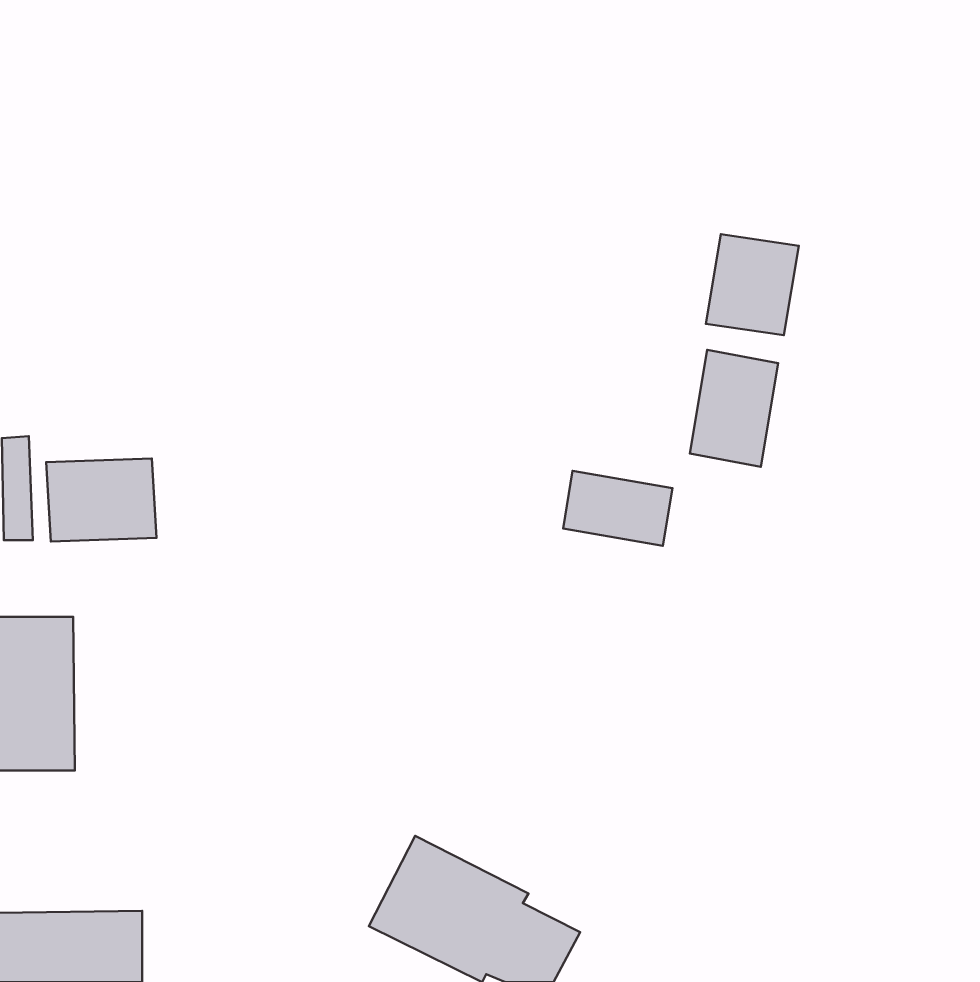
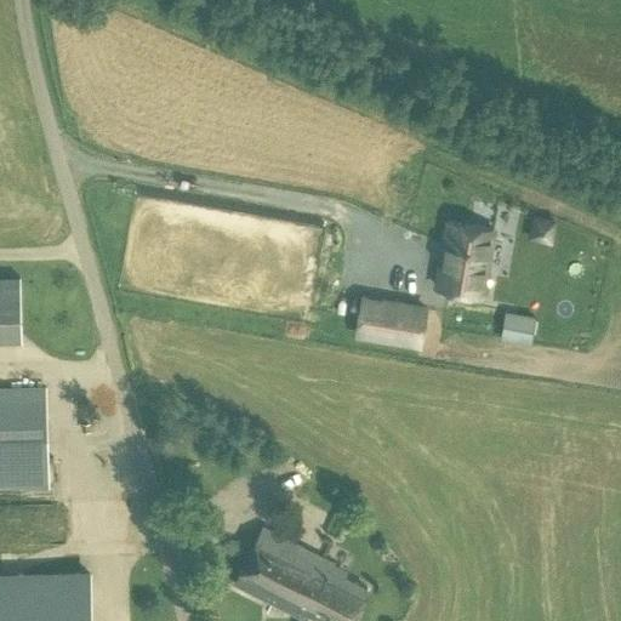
building: [706,234,799,335] -> none
building: [46,458,156,542] -> none
building: none -> [500,310,534,344]

